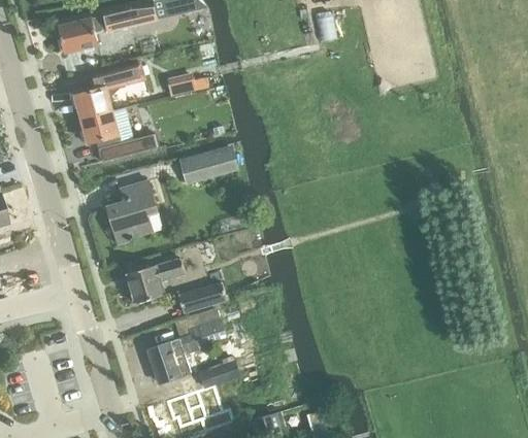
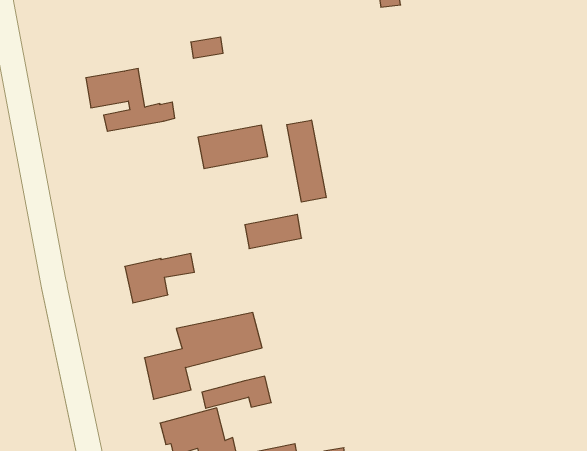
building: [73,61,142,117] -> none
building: none -> [287,120,326,202]
building: [105,179,161,243] -> none
building: [177,281,226,313] -> [245,214,302,249]

